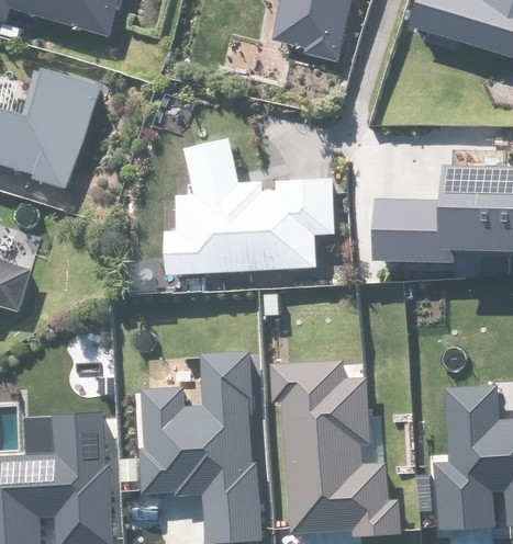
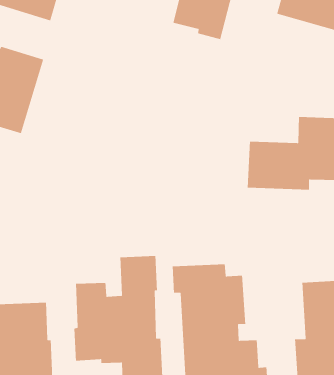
building: [163,137,335,274] -> none

